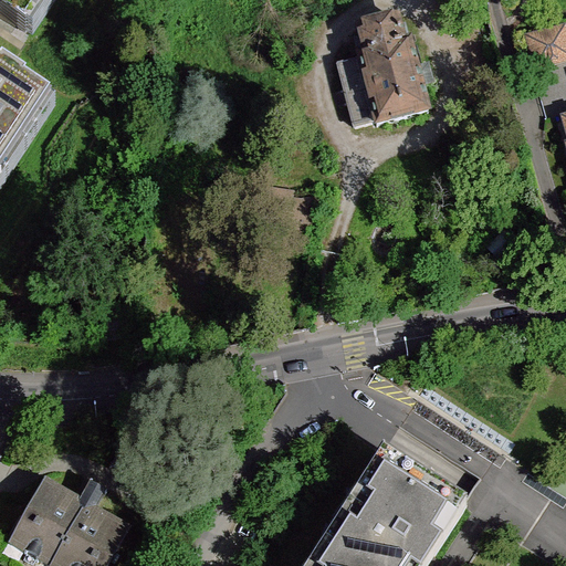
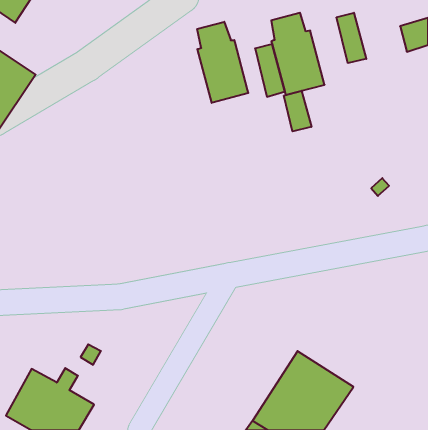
building: none -> [337,13,366,63]
building: none -> [197,22,248,103]
building: none -> [284,91,311,131]

